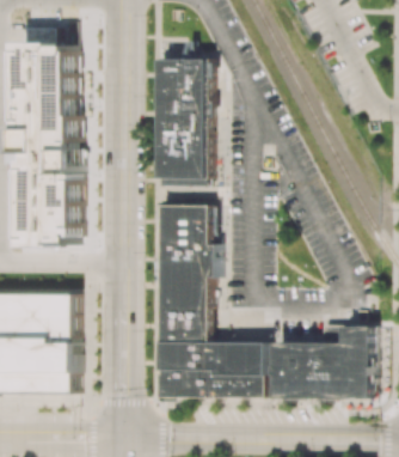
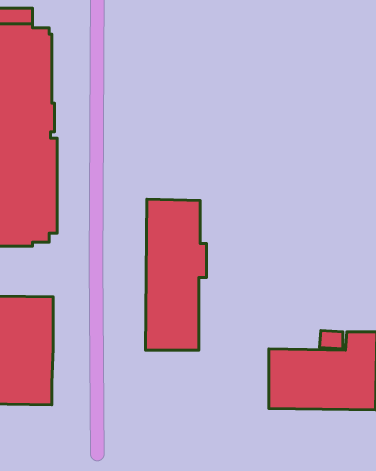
building: [159,59,208,187] -> none
building: [159,342,265,396] -> none

